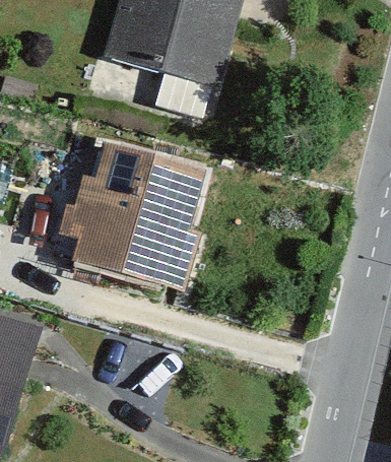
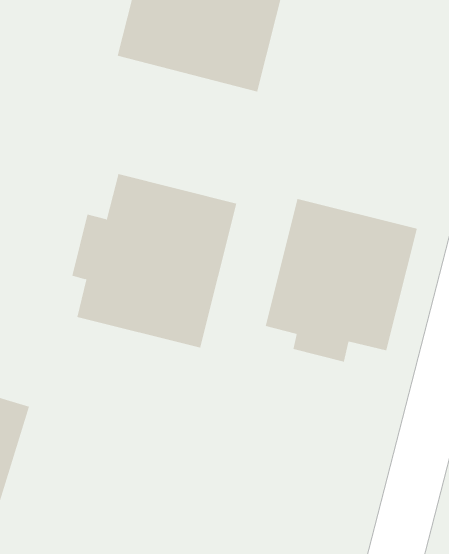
building: none -> [265,198,417,362]

